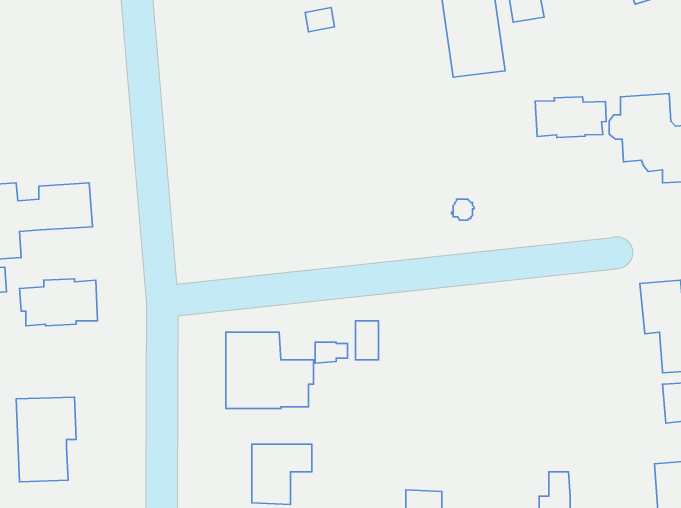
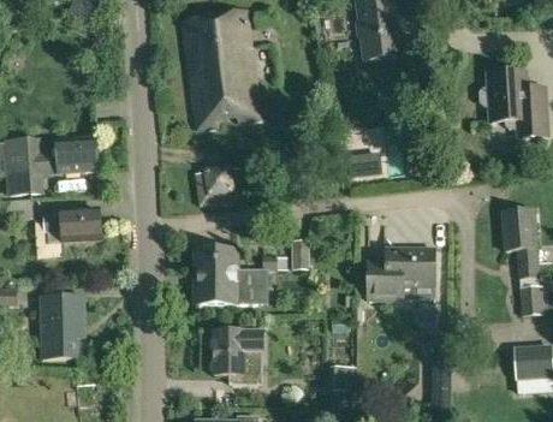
building: none -> [183,12,258,126]
building: [535,97,606,138] -> none
building: none -> [196,164,245,206]
building: none -> [368,249,435,299]

